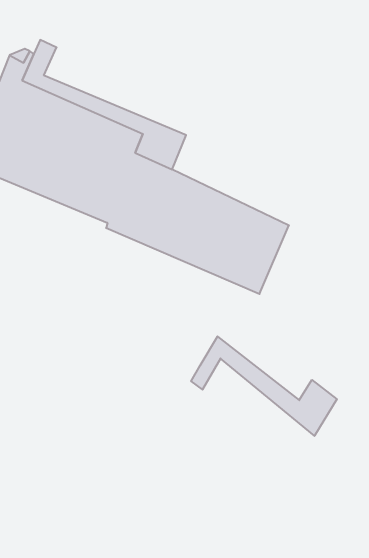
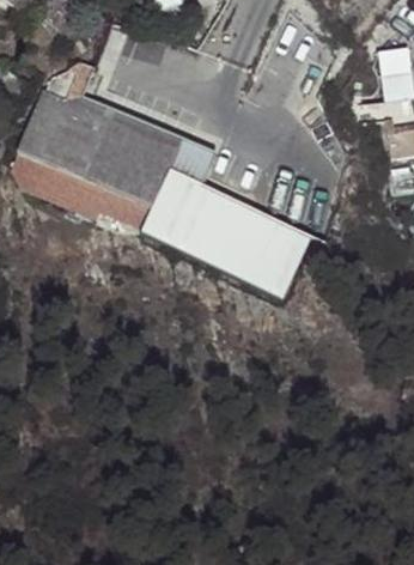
building: [191,336,337,436] -> none

